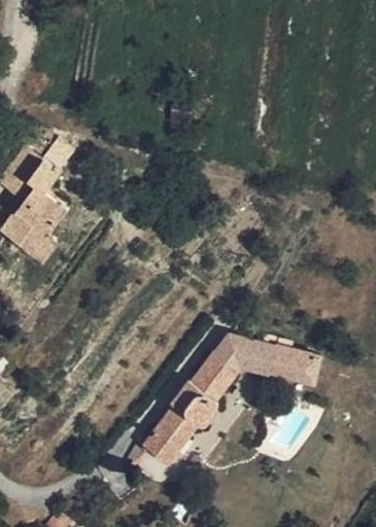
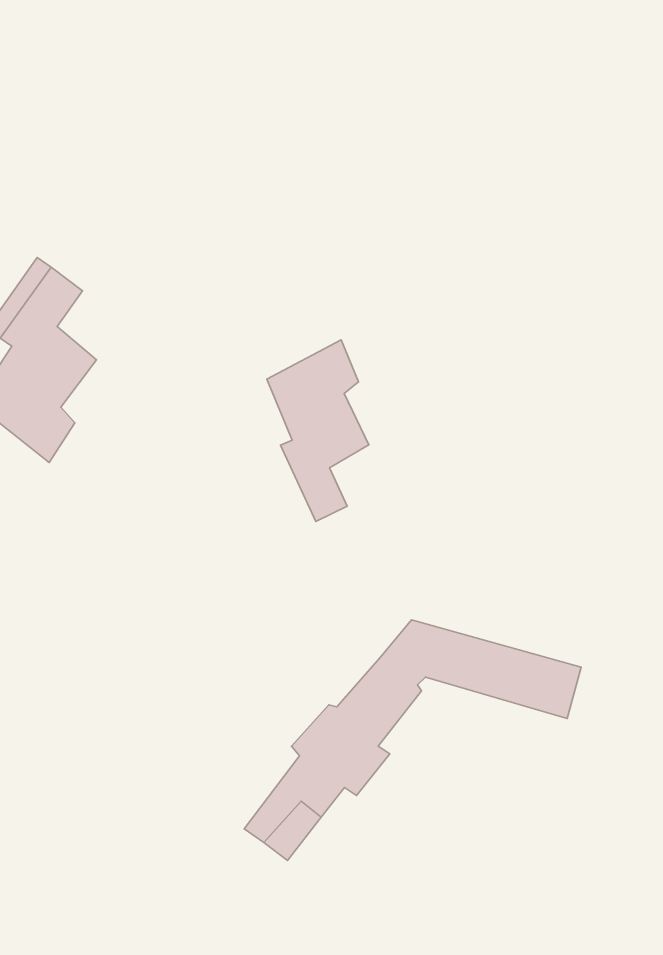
building: none -> [267,340,369,522]

